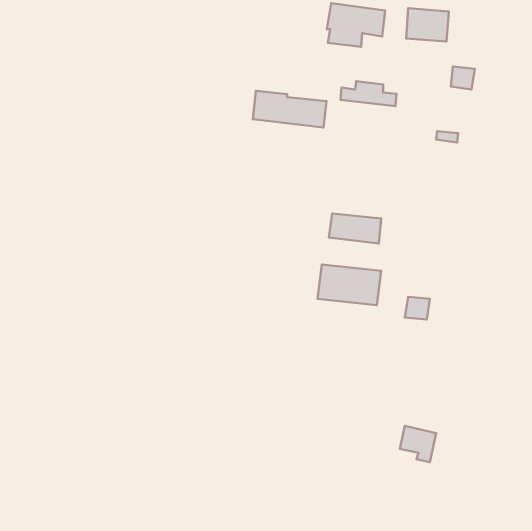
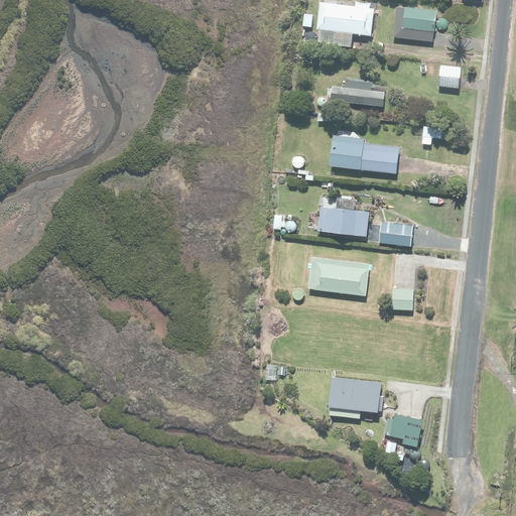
building: [253,91,327,127] -> [330,137,401,172]
building: none -> [381,221,410,246]
building: none -> [329,376,380,420]

